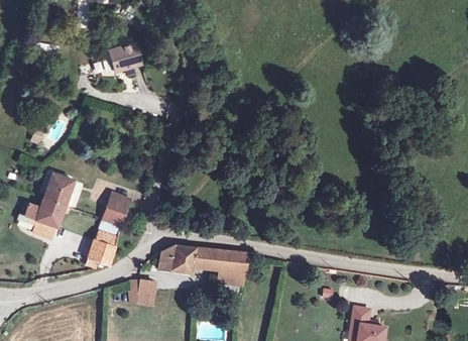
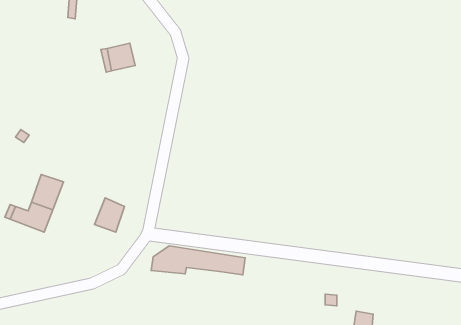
building: [87,233,119,272] -> none
building: [219,266,244,291] -> none
building: [123,275,154,305] -> none

